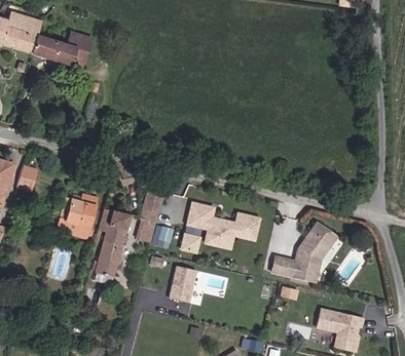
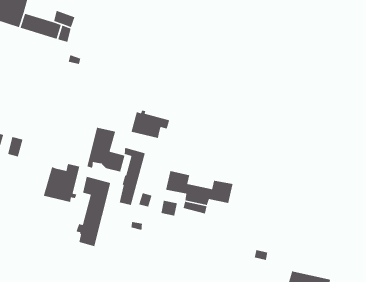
building: none -> [131,110,170,139]
building: none -> [86,127,125,173]
building: [272,223,336,281] -> none
building: [170,266,196,302] -> none

